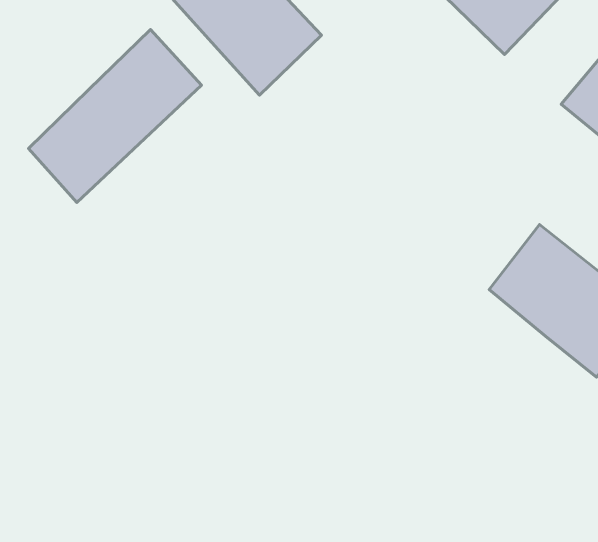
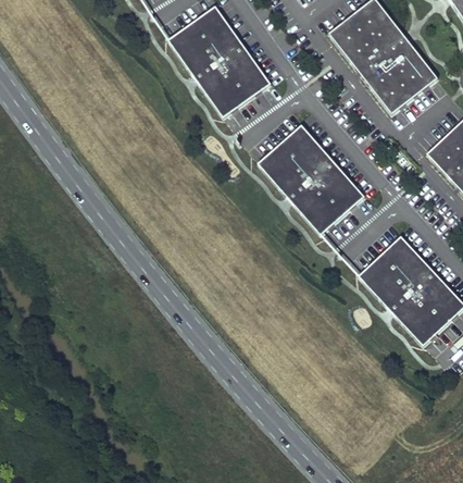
building: [28,29,201,203] -> none
building: none -> [258,125,364,235]

